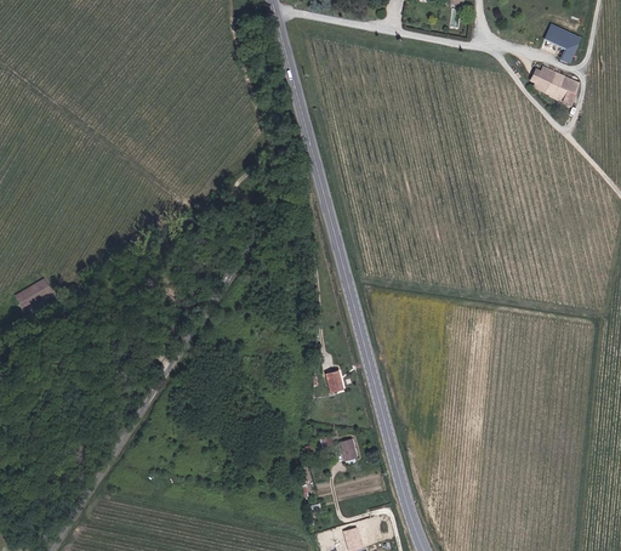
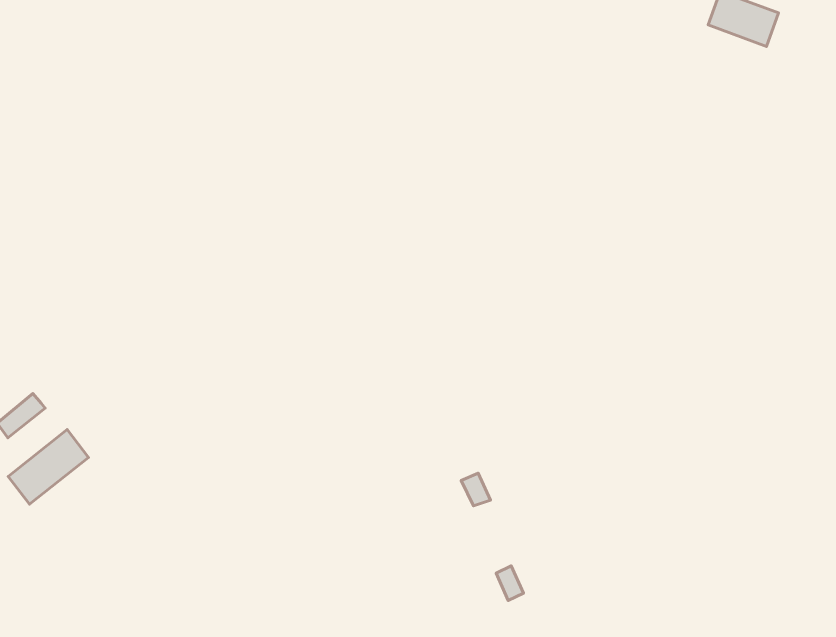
building: none -> [8,429,89,504]

